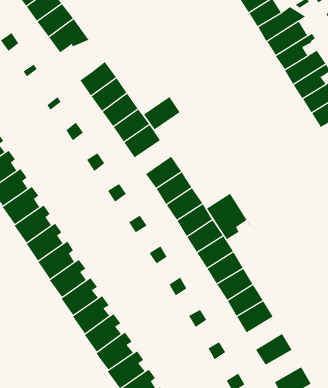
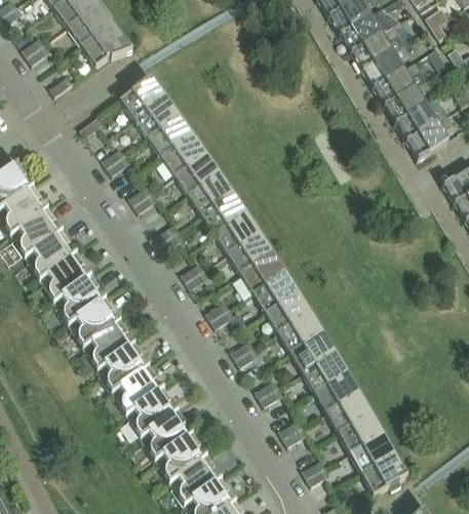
building: [143,96,181,130] -> [189,173,235,215]
building: [206,192,250,241] -> none
building: none -> [327,392,373,433]
building: none -> [351,433,396,473]

